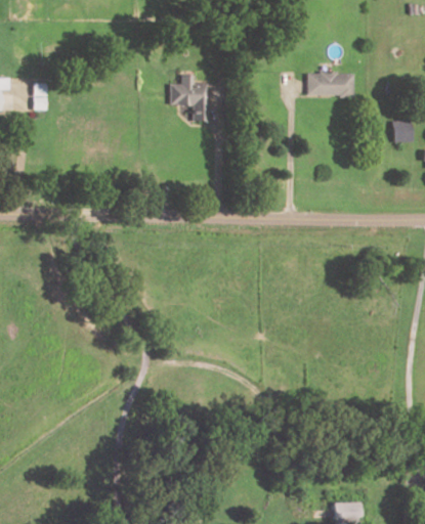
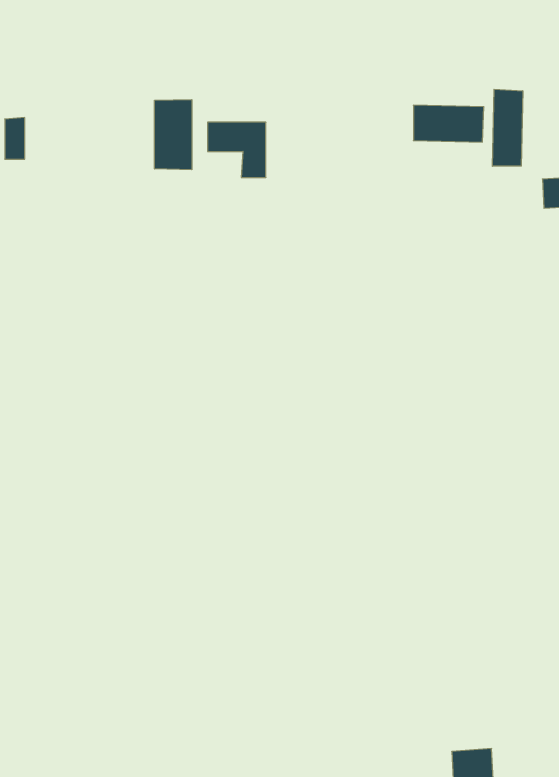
building: none -> [492,89,523,166]
building: none -> [155,100,192,170]

